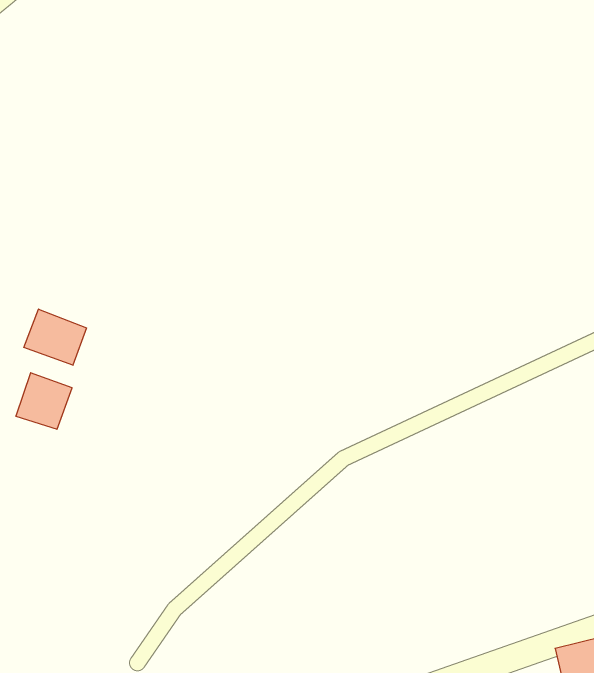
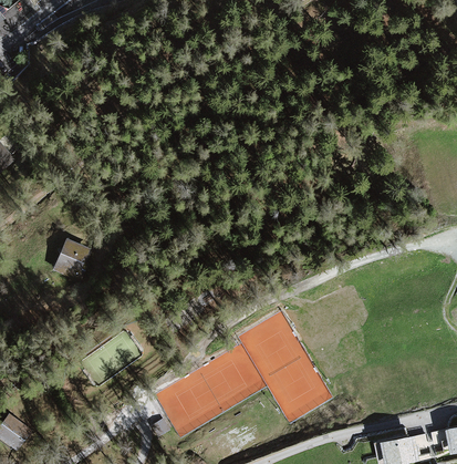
building: [24,309,86,365] -> none

